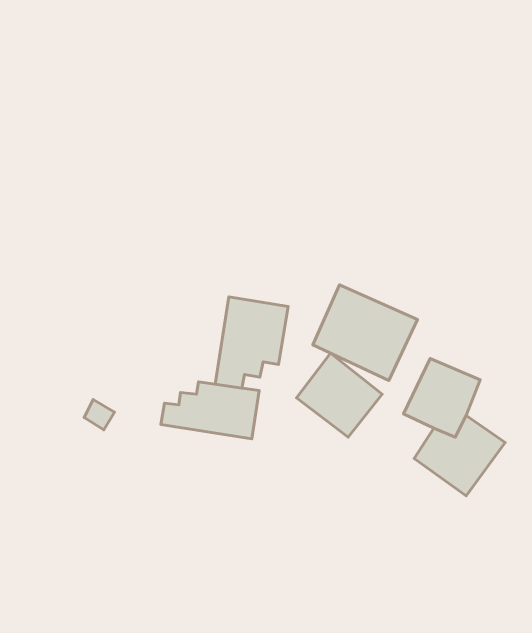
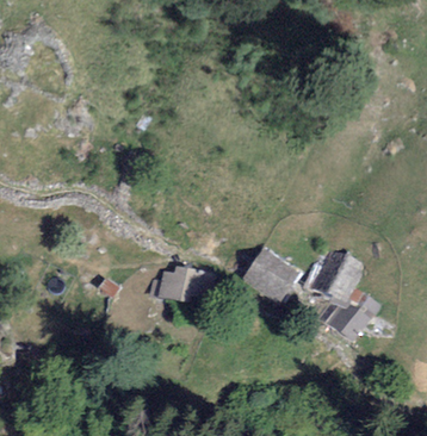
building: [313,285,417,381] -> none
building: [215,297,288,388] -> none

